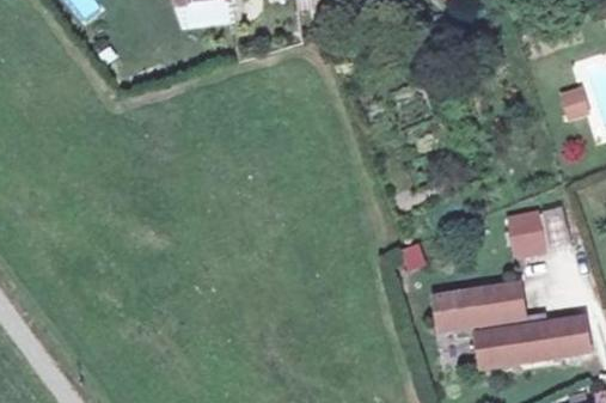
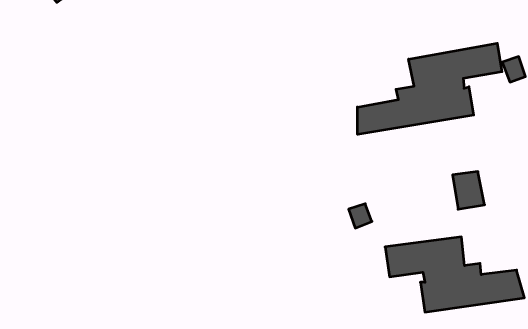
building: none -> [357,43,502,134]

